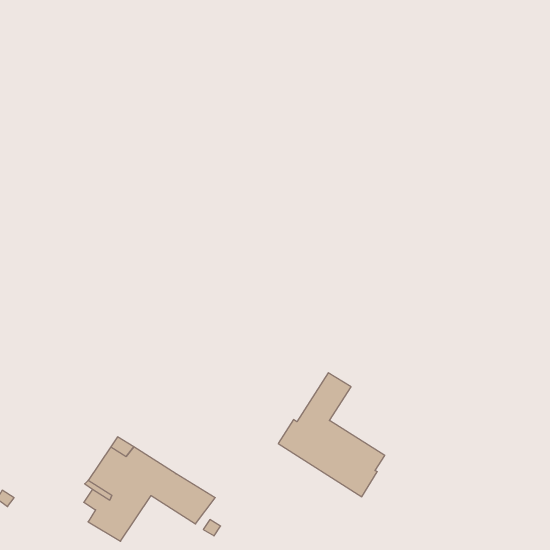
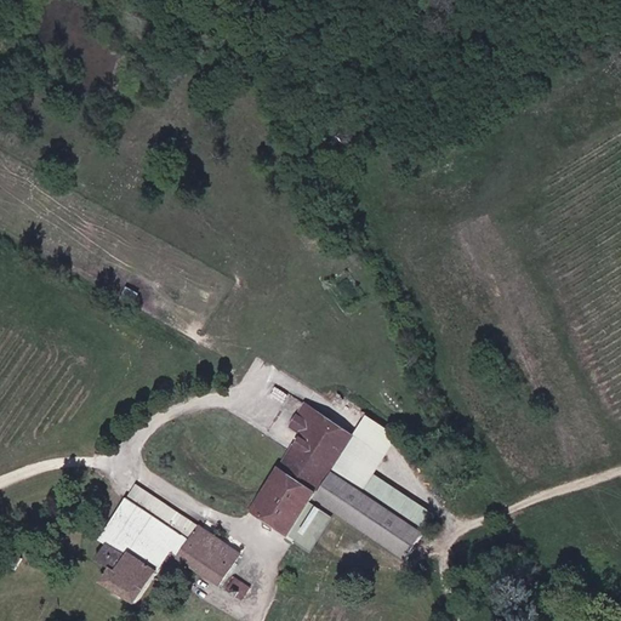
building: none -> [247,401,347,548]

